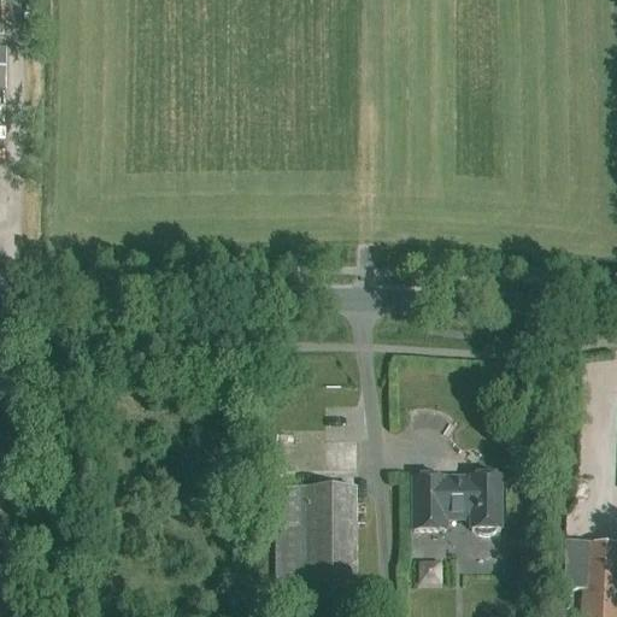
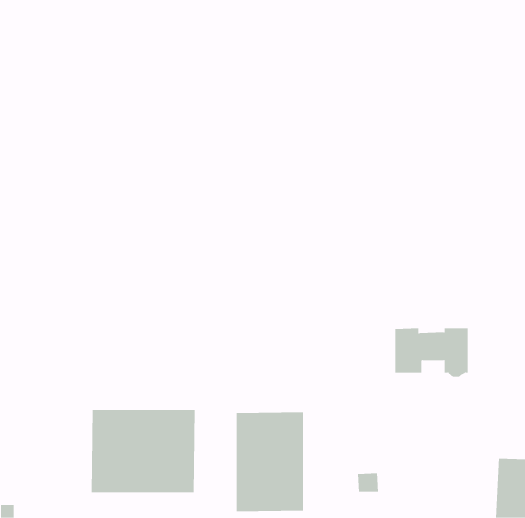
building: [413,471,500,529] -> [394,328,469,377]
building: none -> [91,409,195,493]

